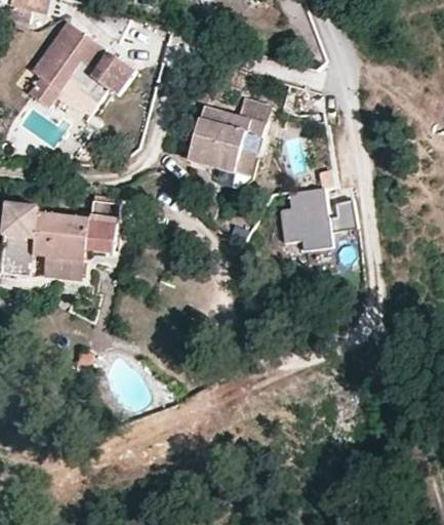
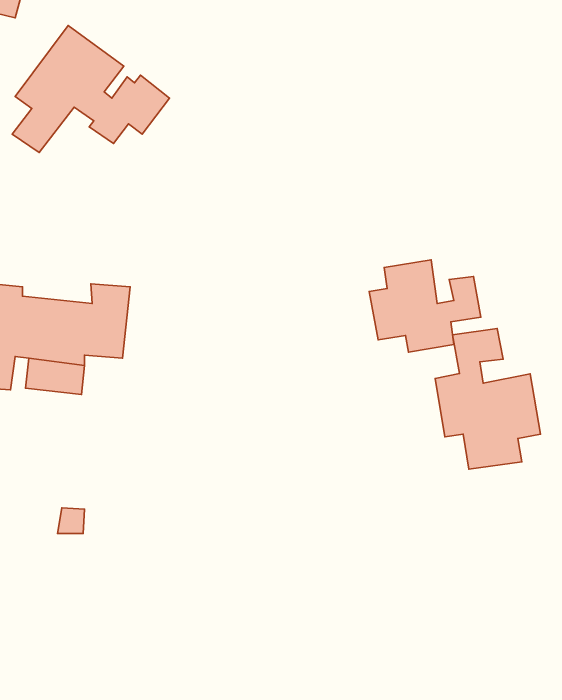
building: [184,94,269,176] -> none
building: none -> [435,328,541,469]

